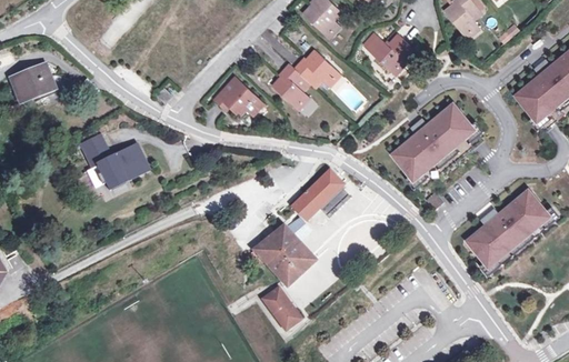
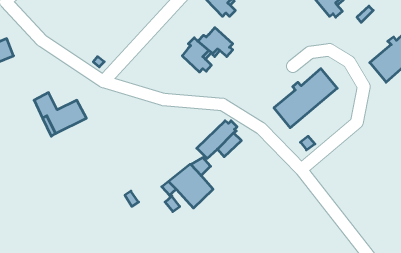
building: [365,33,415,72] -> none
building: [212,76,260,117] -> none
building: [467,189,549,265] -> none
building: [262,285,301,328] -> none

